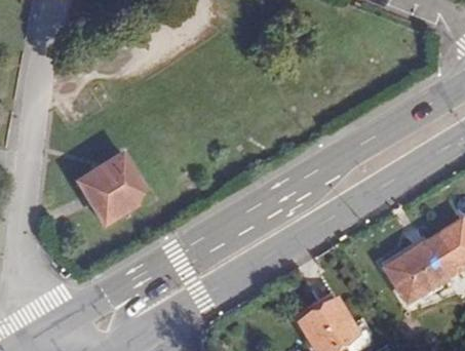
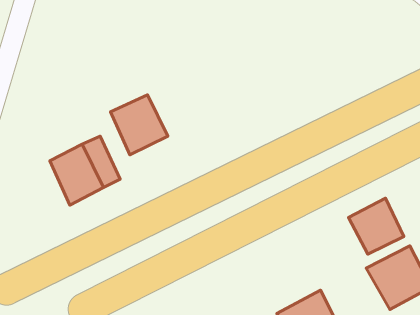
building: none -> [110,95,168,155]
building: none -> [349,198,404,254]

